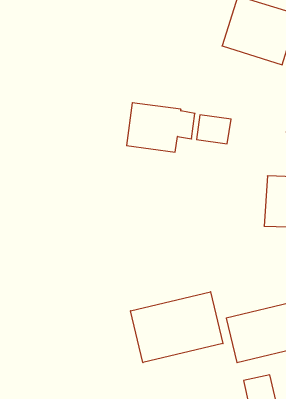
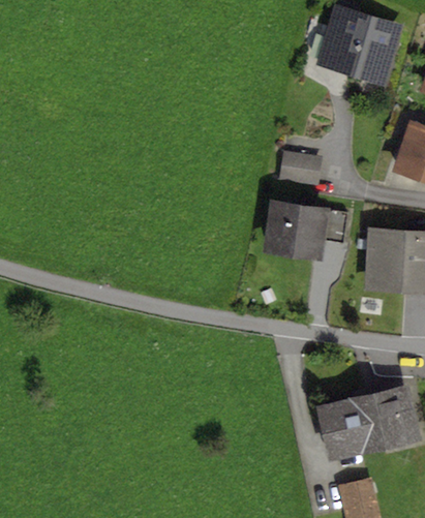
building: [127,103,195,152] -> [262,200,347,262]
building: [131,292,223,363] -> none

